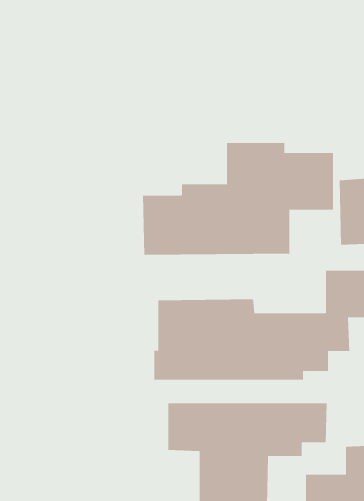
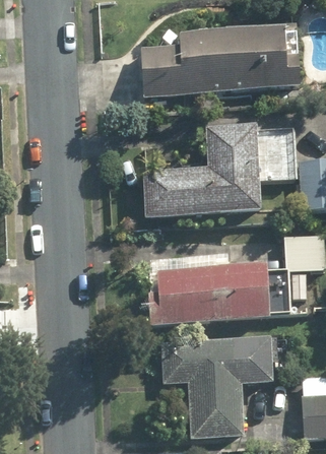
building: none -> [144,28,299,92]

